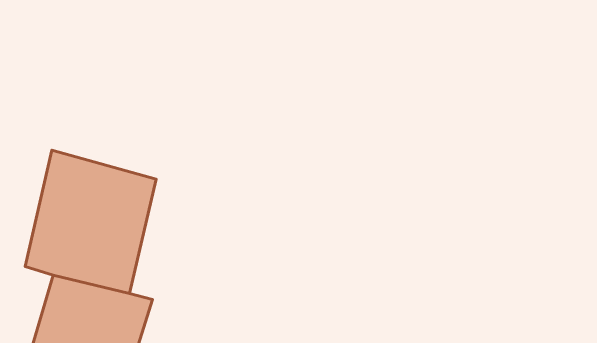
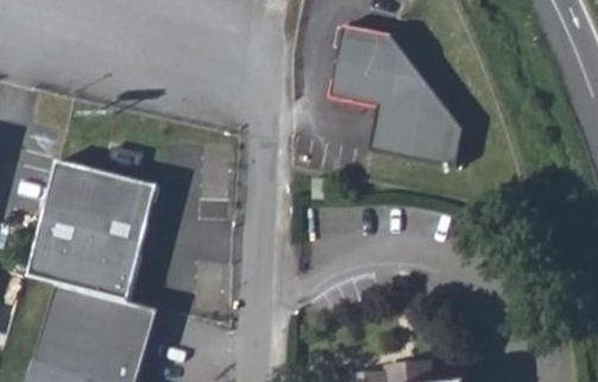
building: none -> [323,20,460,163]

